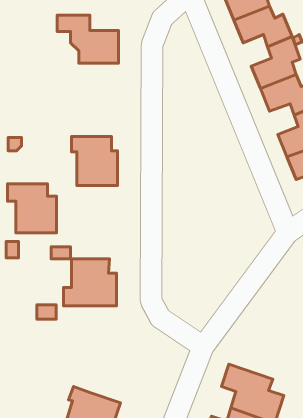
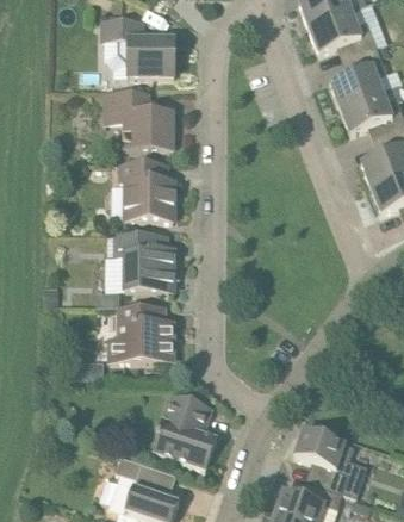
building: none -> [105,88,175,148]
building: [8,184,57,233] -> [117,232,174,290]
building: none -> [155,392,217,467]

